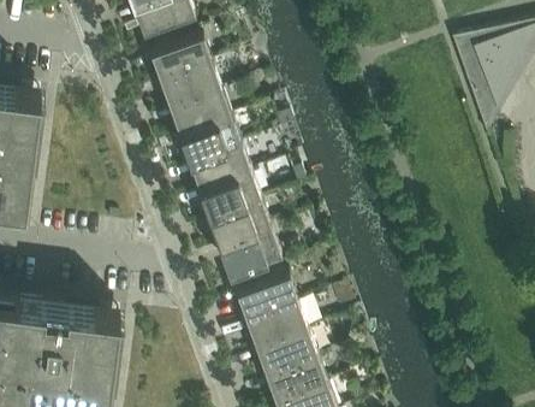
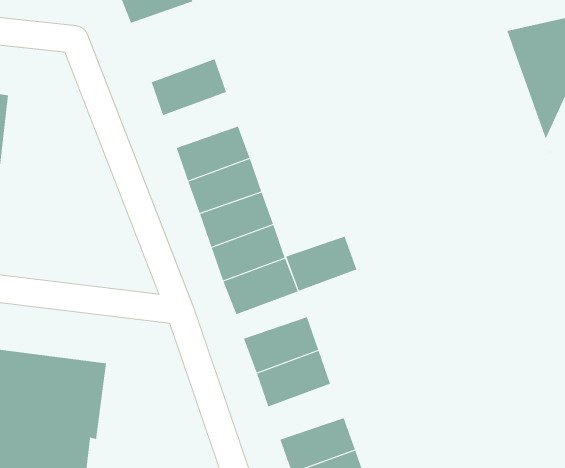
building: [151,40,214,87] -> none
building: [171,95,233,141] -> none
building: none -> [286,236,357,292]
building: [257,335,320,381] -> none

